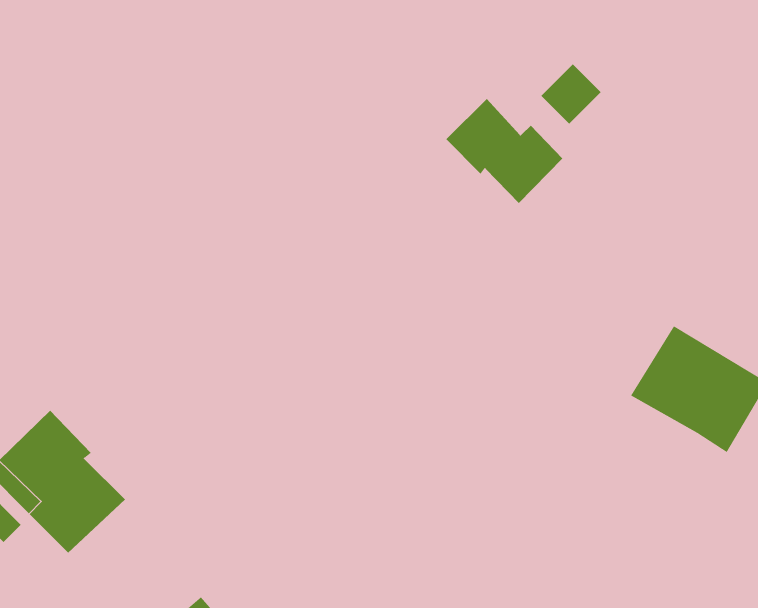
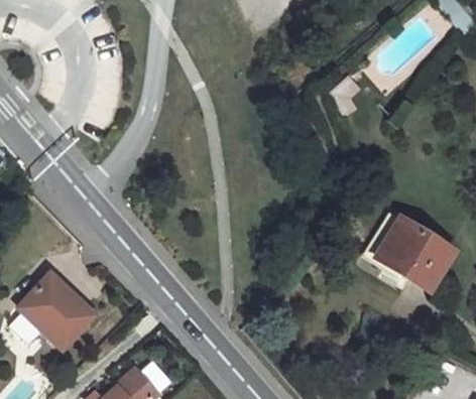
building: [445,98,563,204] -> none
building: none -> [370,211,419,282]

